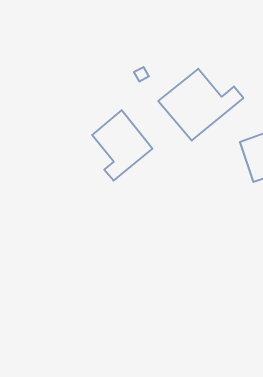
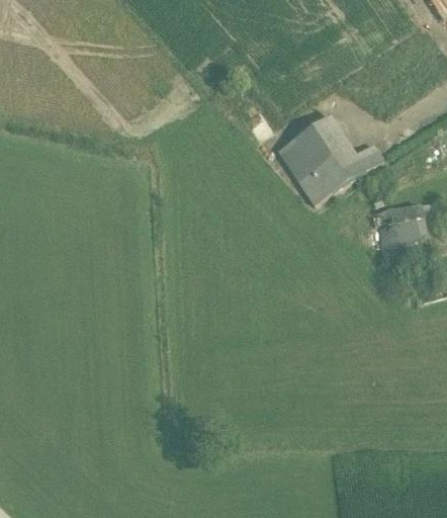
building: [92,110,152,181] -> none

